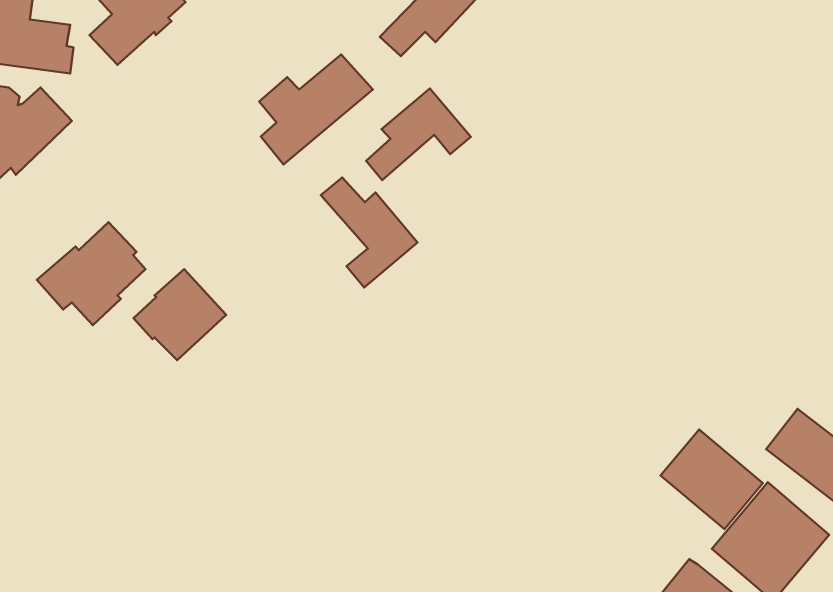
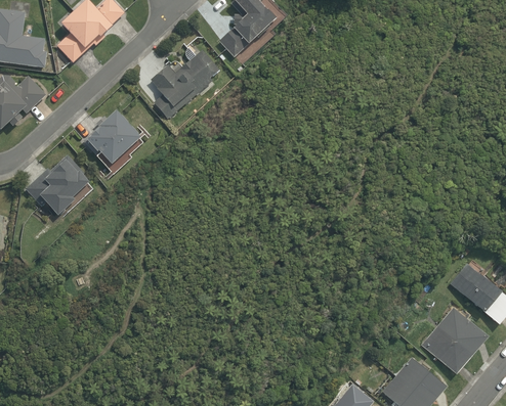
building: [366,89,471,180] -> none
building: [321,177,418,287] -> none
building: [133,269,226,360] -> [84,109,138,163]
building: [661,429,763,529] -> none

